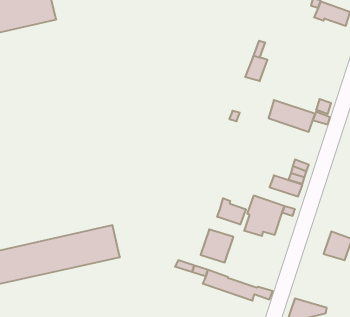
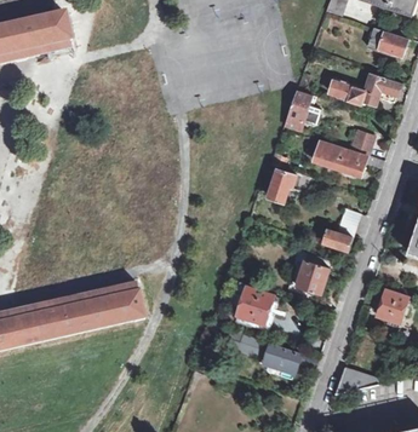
building: none -> [330,73,401,104]
building: none -> [268,168,297,202]
building: [217,198,246,225] -> none

